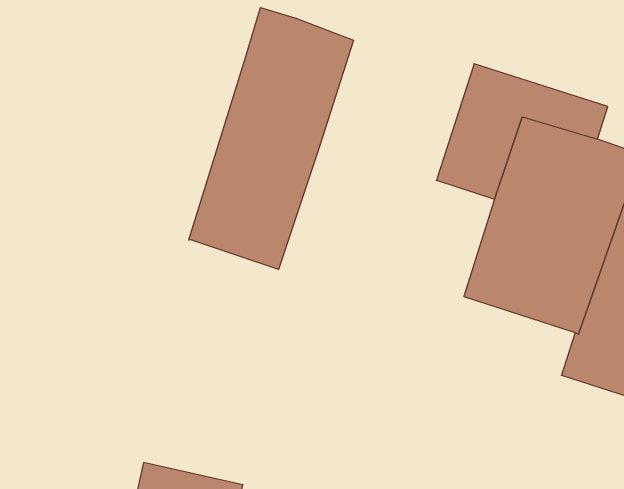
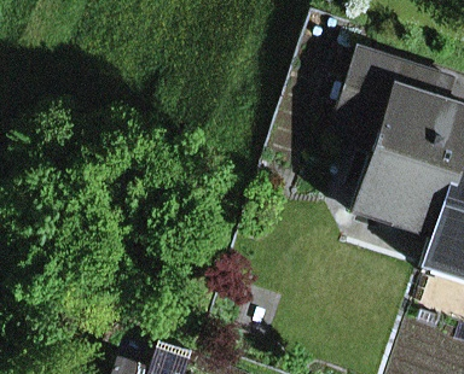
building: [189,8,353,269] -> none

